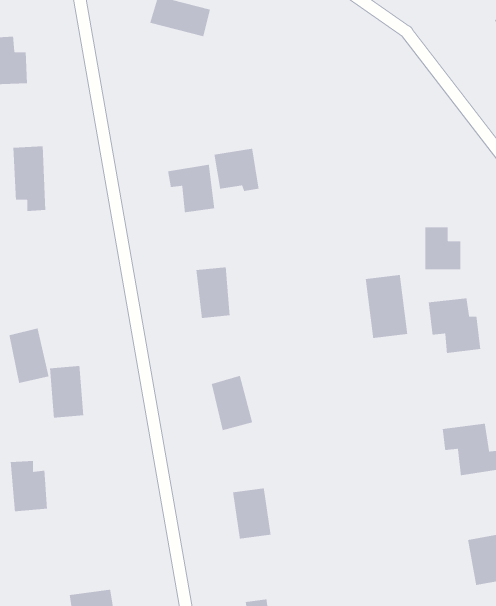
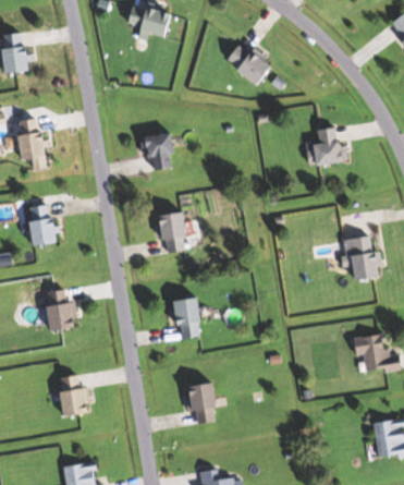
building: none -> [225,41,272,85]
building: [213,148,260,192] -> none
building: [425,227,461,270] -> [317,129,345,162]
building: [365,274,408,339] -> none
building: [9,328,49,384] -> [26,203,58,246]
building: [10,460,48,512] -> [60,376,89,416]

